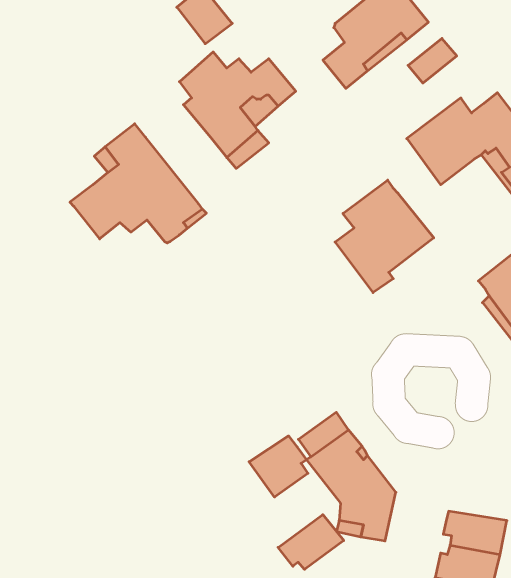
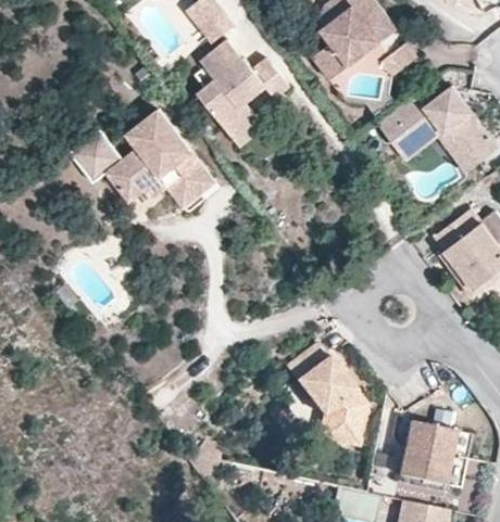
building: none -> [71,131,124,187]
building: [335,180,434,293] -> none
building: [249,436,308,497] -> none
building: [278,515,344,569] -> none

